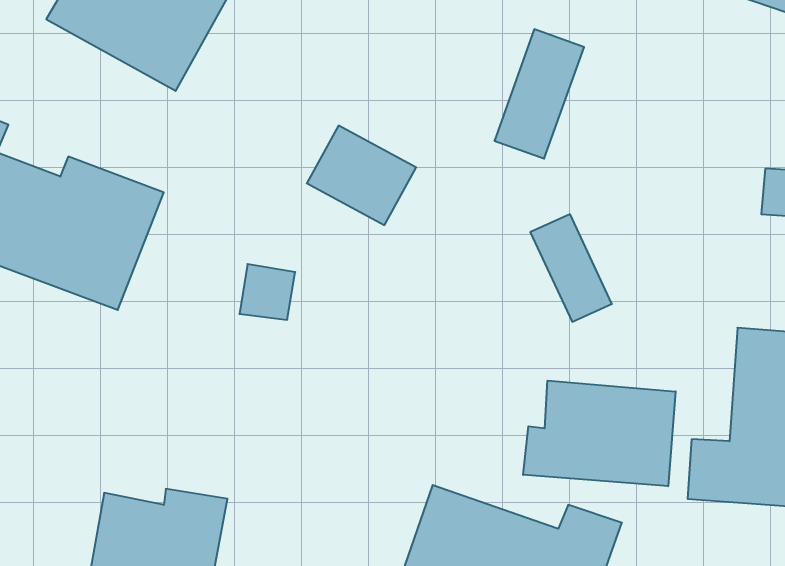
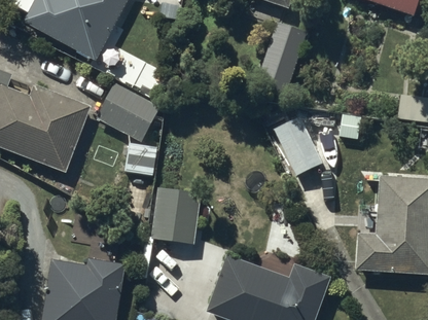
building: [307,126,416,225] -> [101,87,157,139]
building: none -> [156,191,199,242]
building: [523,381,676,486] -> none

